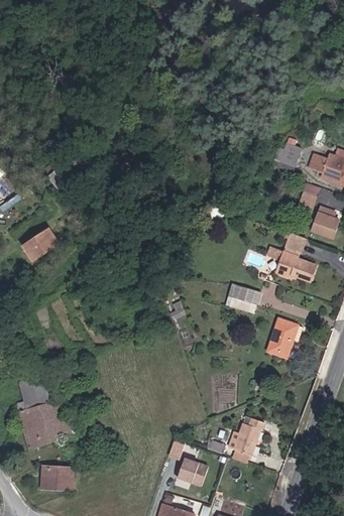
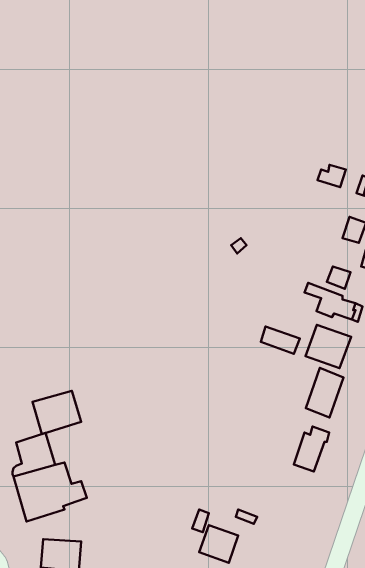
building: [21,237,51,263] -> none
building: none -> [305,325,351,368]
building: none -> [32,391,81,434]
building: [232,418,262,457] -> [294,427,329,472]

